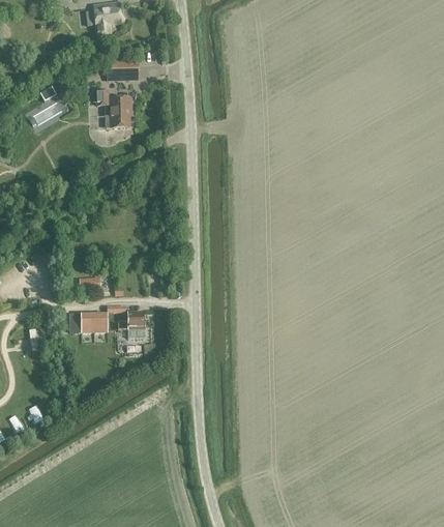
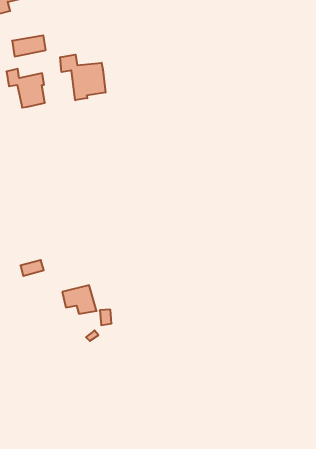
building: none -> [60,55,105,100]
building: [70,313,109,331] -> none

